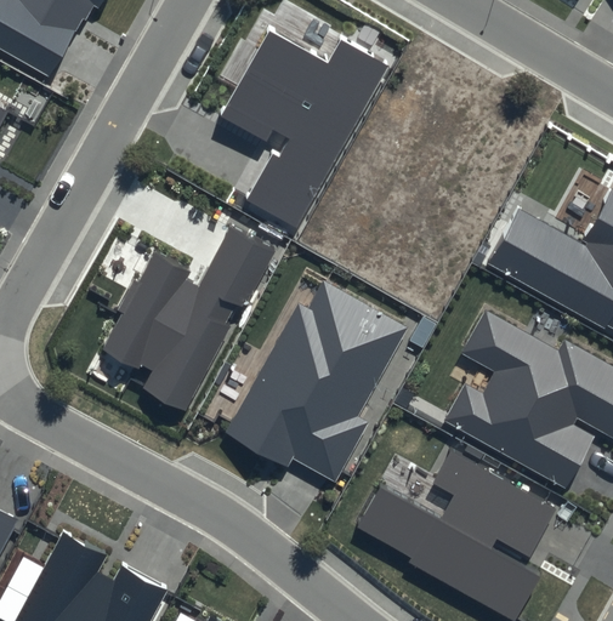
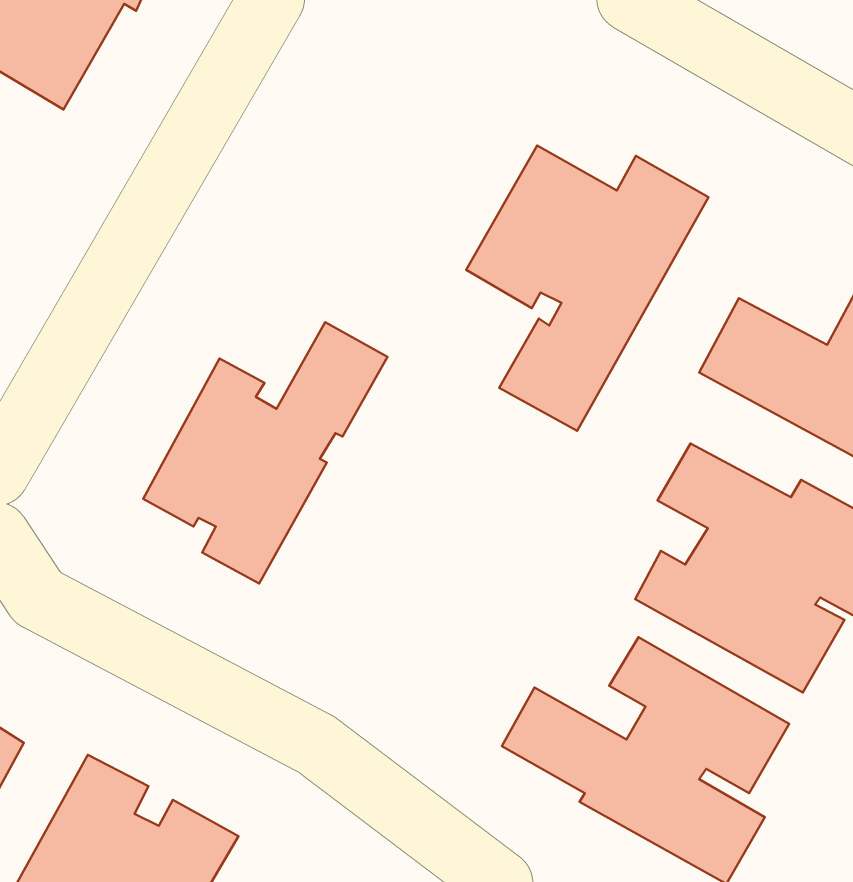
building: [220,28,390,228] -> [466,145,709,431]
building: [226,281,408,483] -> none

